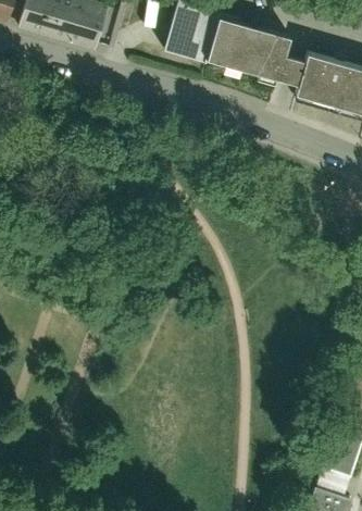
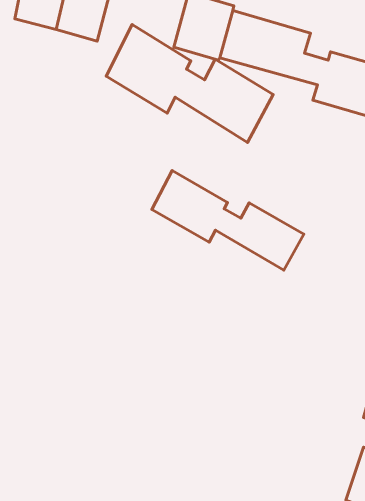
building: none -> [106,25,273,143]
building: none -> [152,171,304,270]

